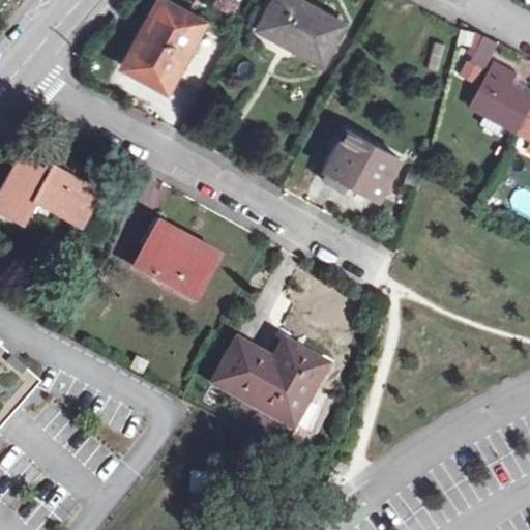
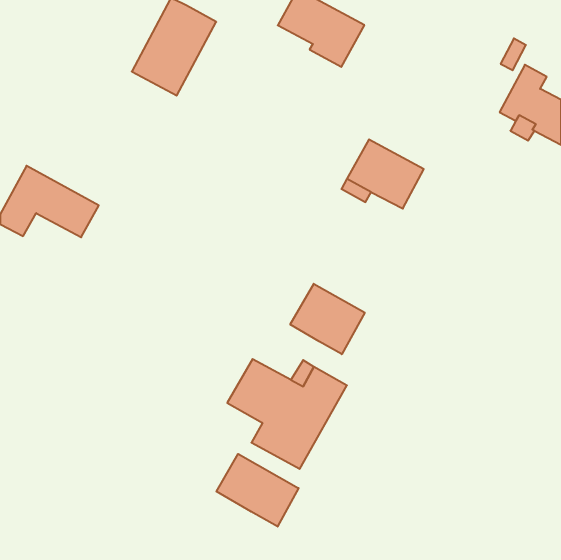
building: [138,228,213,296] -> none
building: none -> [290,284,365,354]
building: none -> [216,454,299,527]

